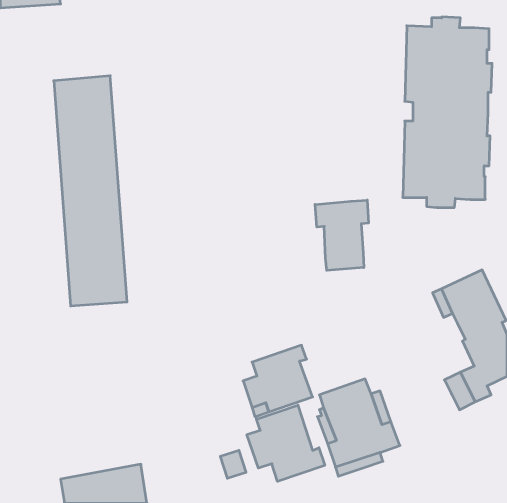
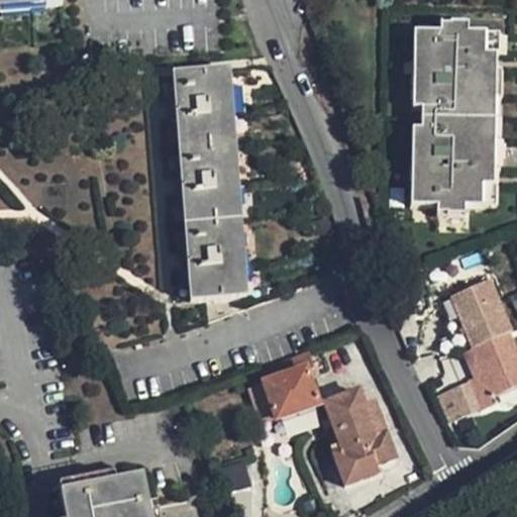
building: [54,76,127,306] -> [172,66,246,300]
building: [315,200,368,270] -> none
building: [247,405,325,481] -> none

